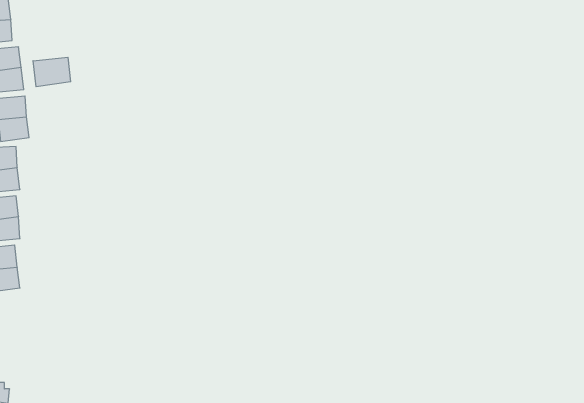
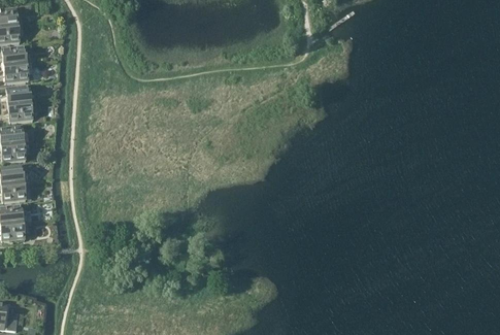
building: [33,57,71,87] -> none

